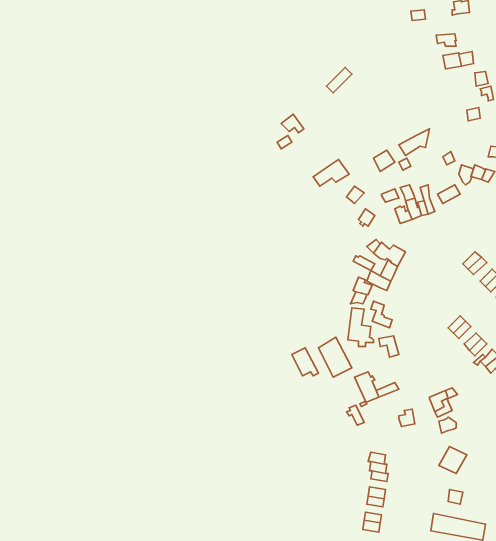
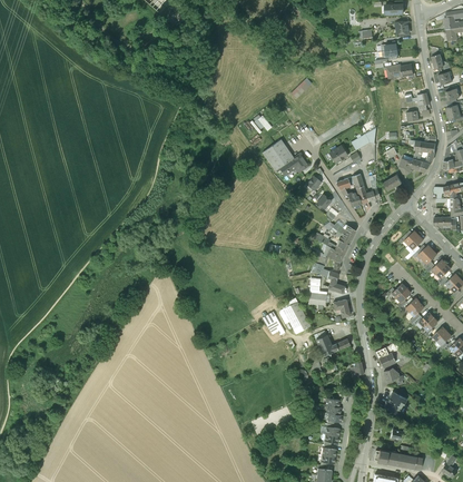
building: none -> [263,139,294,171]

